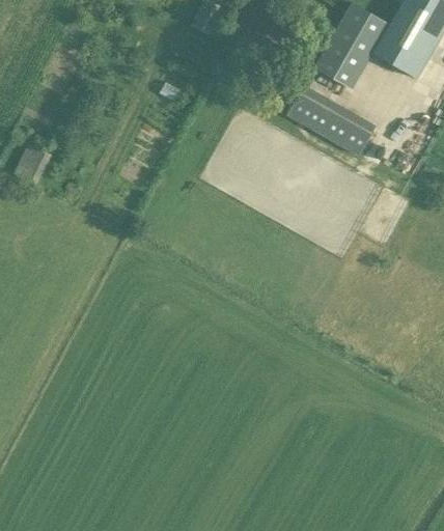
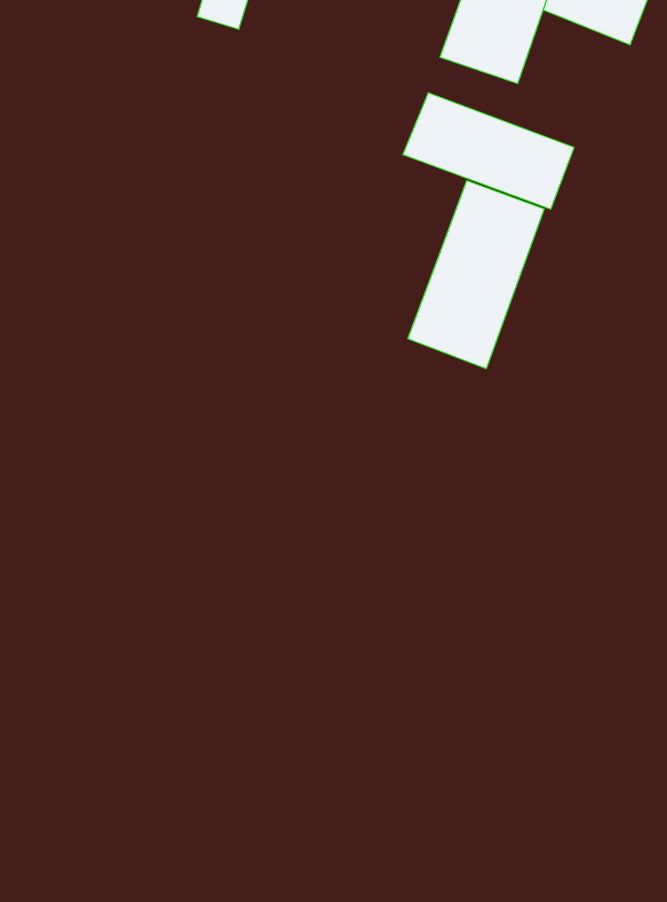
building: none -> [408,181,544,369]

